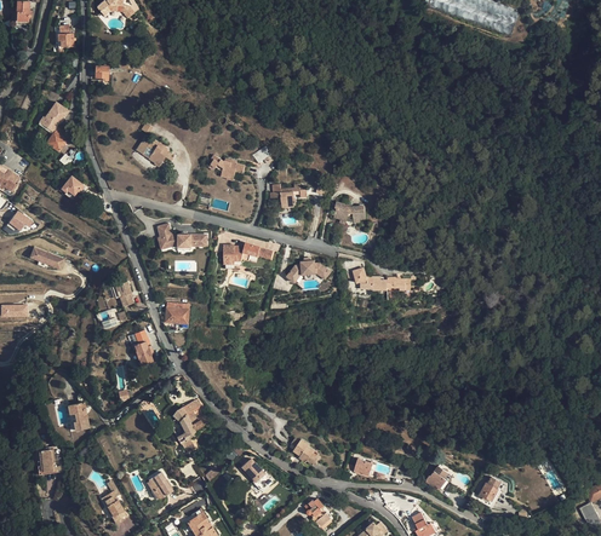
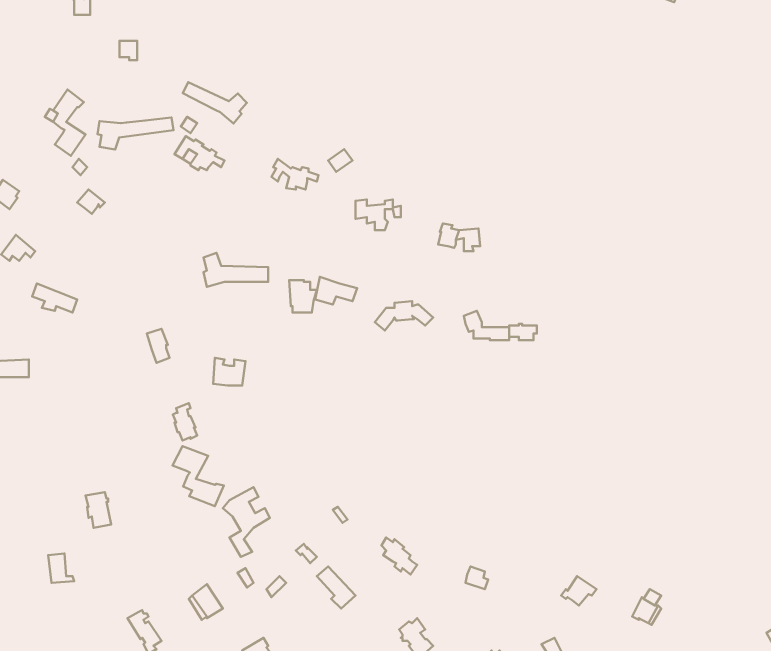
building: none -> [183,82,247,124]
building: none -> [98,118,173,149]
building: none -> [173,446,224,506]

